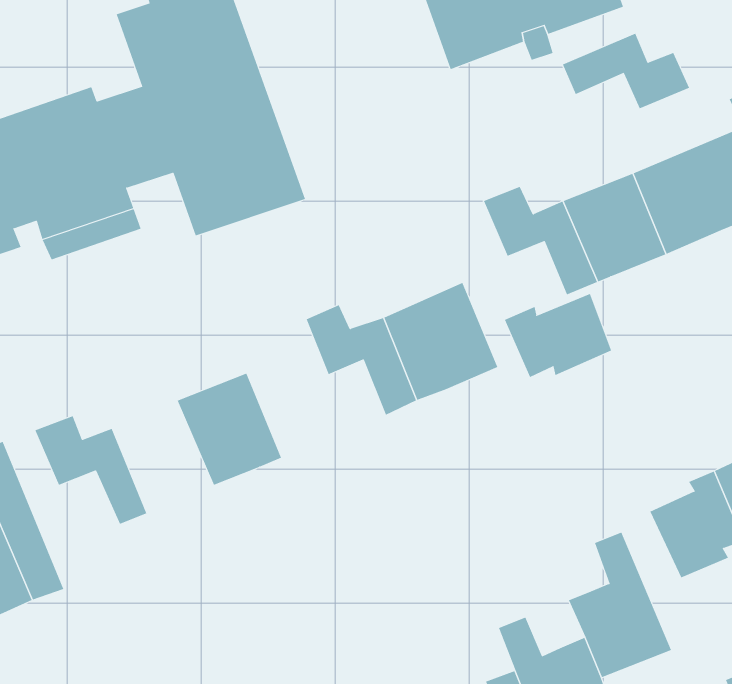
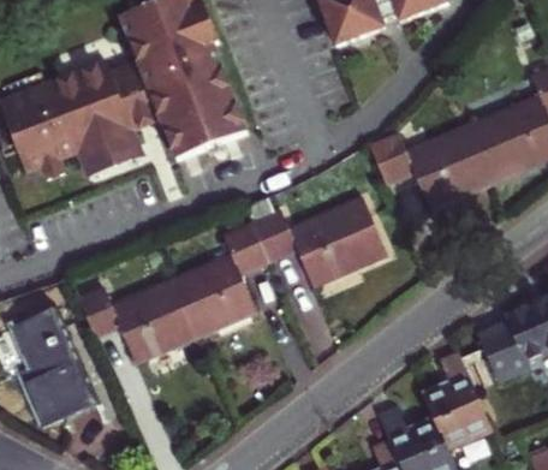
building: [562,33,690,109] -> none
building: [504,293,612,378] -> none
building: none -> [214,222,267,313]
building: none -> [126,275,192,349]

